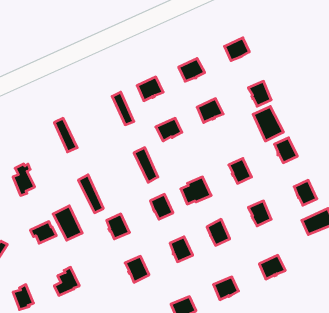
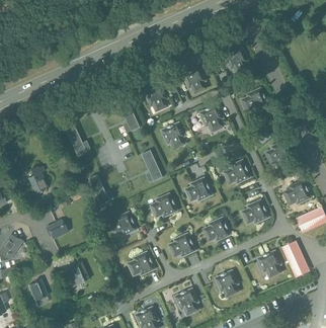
building: [253,106,283,141] -> none
building: [53,206,82,240] -> none
building: none -> [282,242,309,277]

